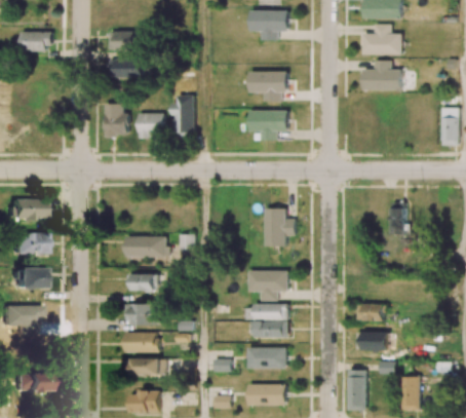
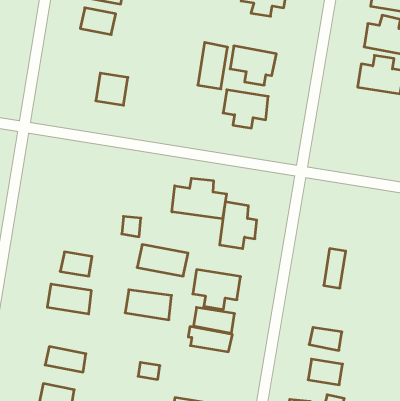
building: [172,94,193,132] -> [198,42,228,89]
building: [104,103,128,136] -> none
building: none -> [172,178,227,219]
building: [391,201,405,234] -> [324,249,346,288]
building: [124,235,166,257] -> [137,245,188,276]
building: [124,332,157,352] -> none
building: [247,346,286,368] -> [125,290,172,320]

